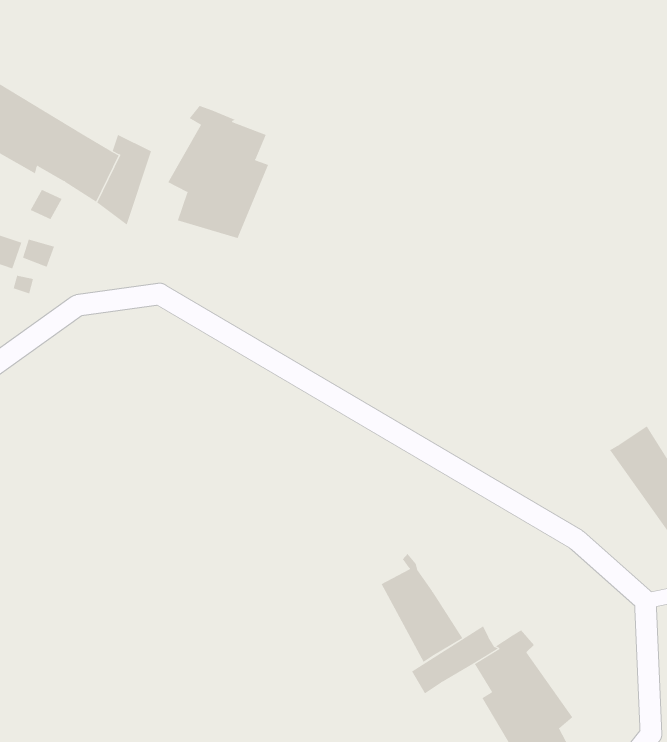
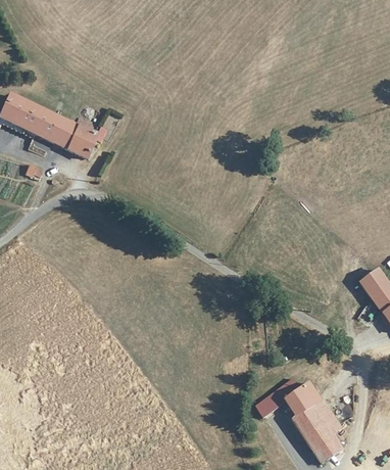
building: [168,105,269,239] -> none
building: [381,553,463,663] -> none

